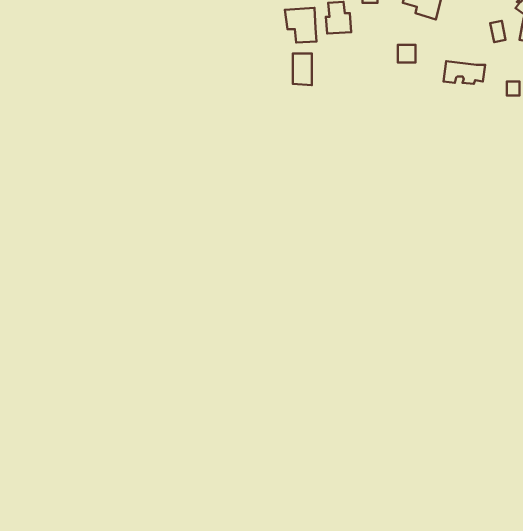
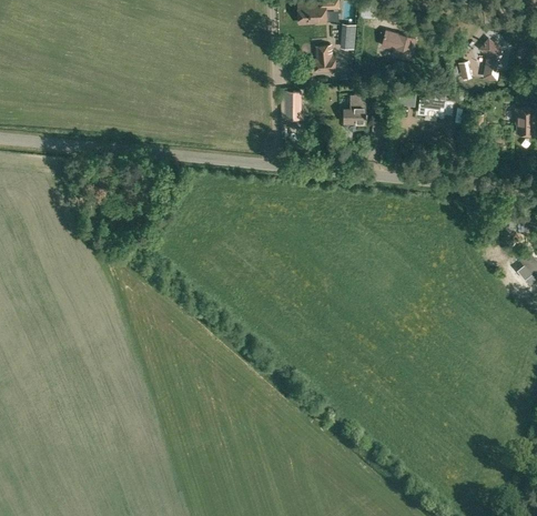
building: [285,8,317,42] -> none
building: none -> [342,103,365,127]

